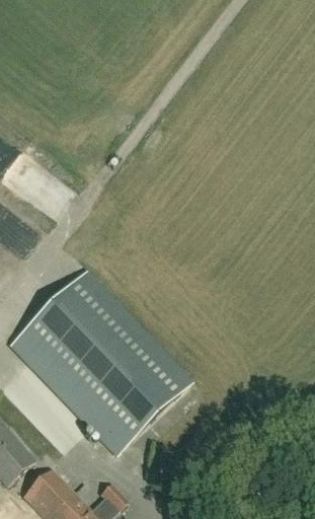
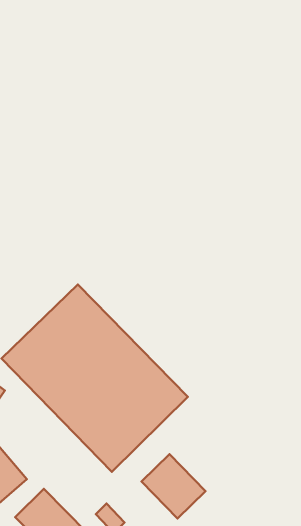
building: none -> [142,454,206,518]

